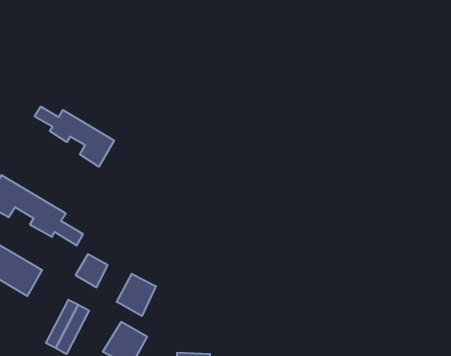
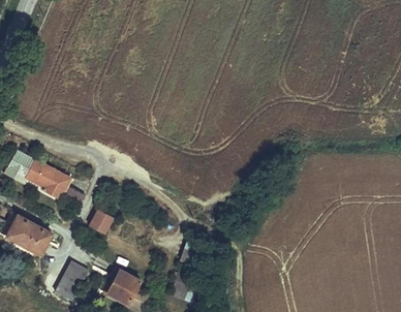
building: [35,107,114,167] -> none
building: [117,274,156,316] -> none

